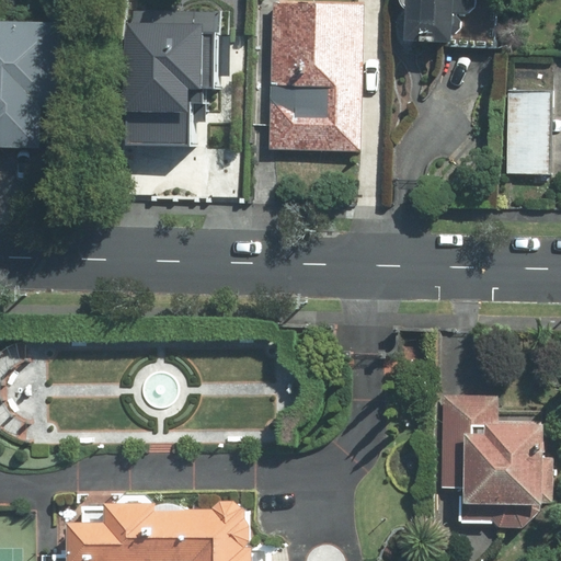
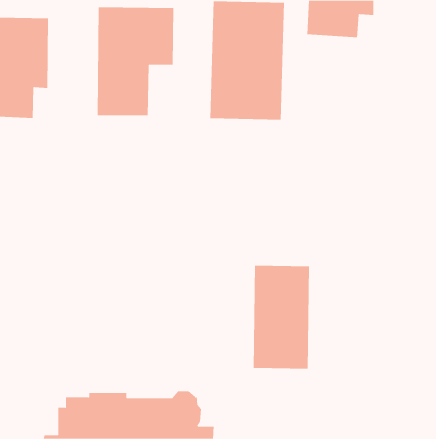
building: [503,90,549,175] -> none
building: none -> [253,265,309,369]
building: [439,398,552,503] -> none

